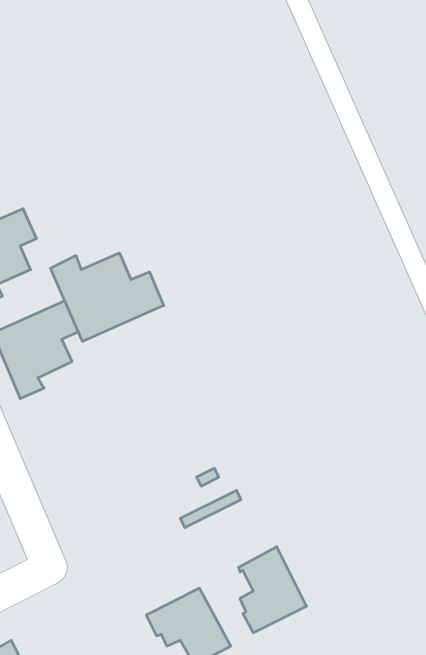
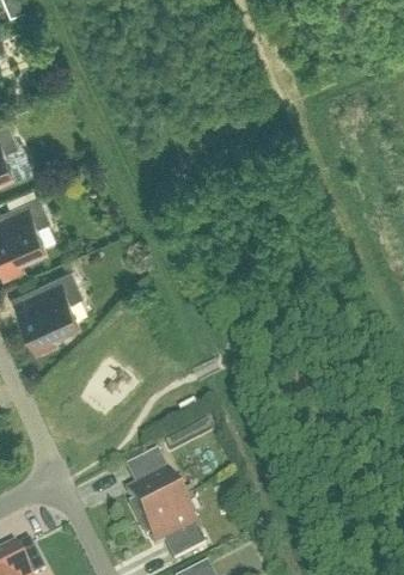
building: [50,253,164,341] -> none
building: [238,547,307,633] -> [126,459,180,528]

